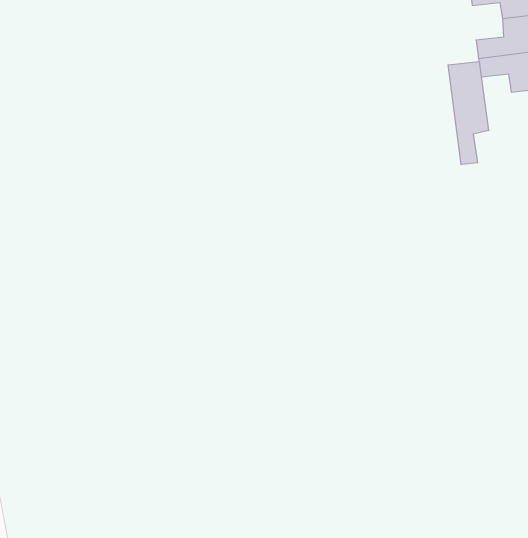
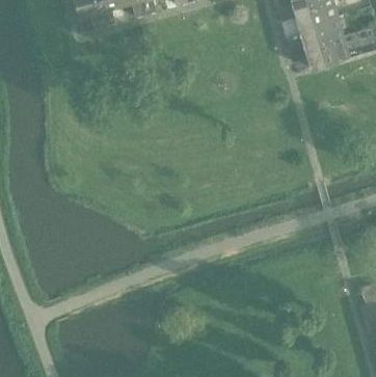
building: [448,62,489,165] -> none

